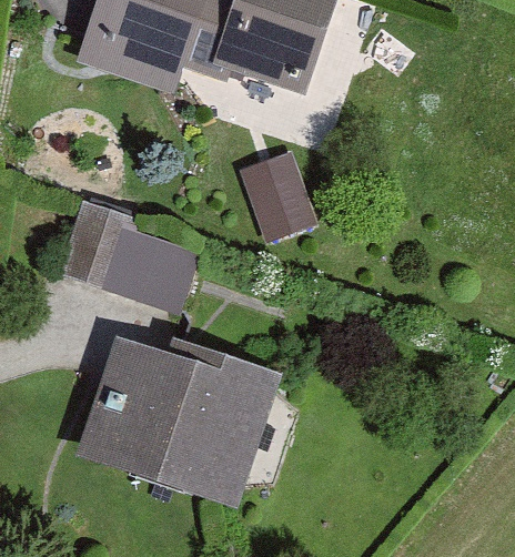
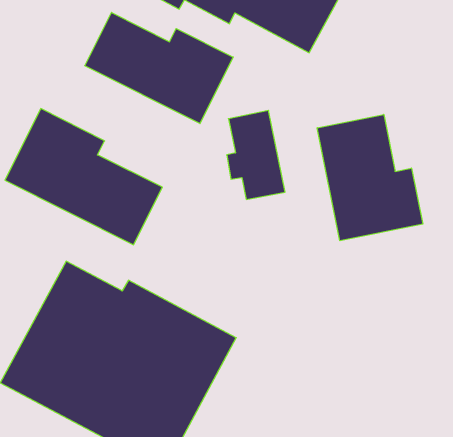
building: none -> [85,12,233,124]
building: none -> [317,114,423,241]

